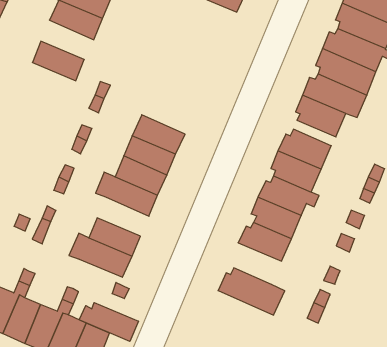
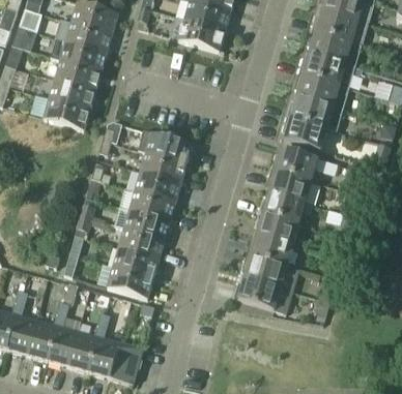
building: none -> [49,78,95,109]
building: none -> [138,129,192,163]
building: none -> [118,228,164,259]
building: none -> [241,253,298,291]
building: [79,303,138,341] -> none

